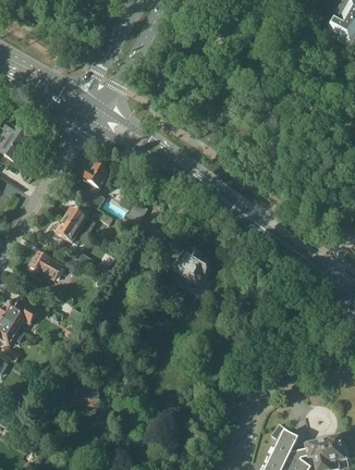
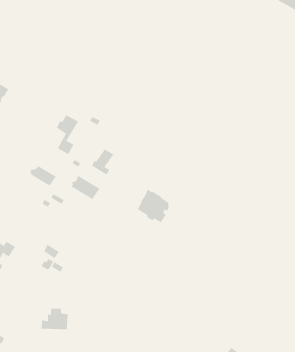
building: [63,208,97,236] -> [70,175,100,200]
building: [30,252,63,281] -> none

